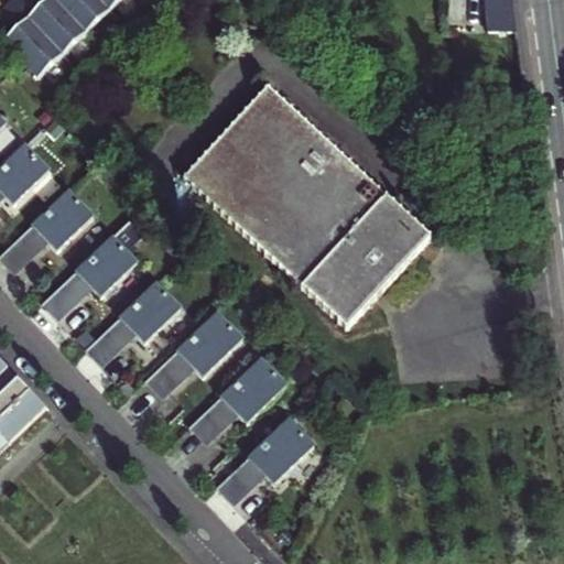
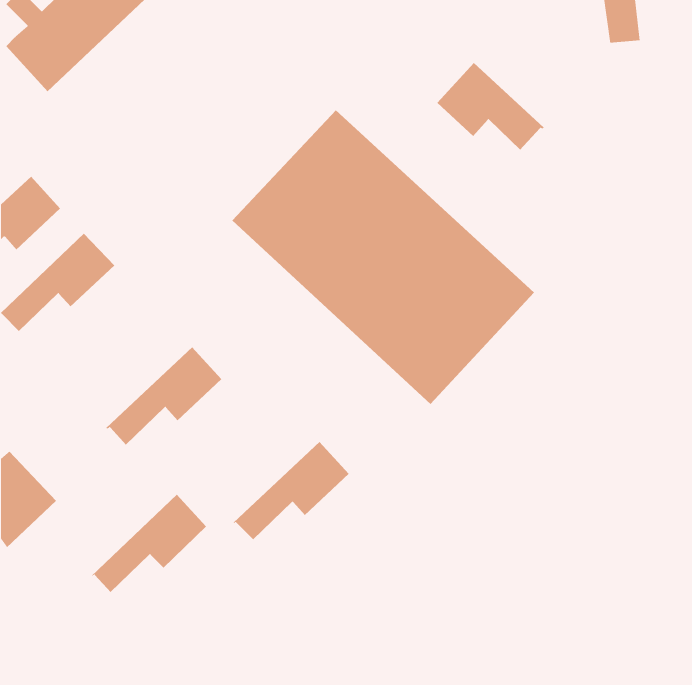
building: none -> [437,62,545,151]
building: [42,236,138,316] -> none
building: [145,313,240,393] -> [90,494,207,593]
building: [217,420,312,500] -> none

